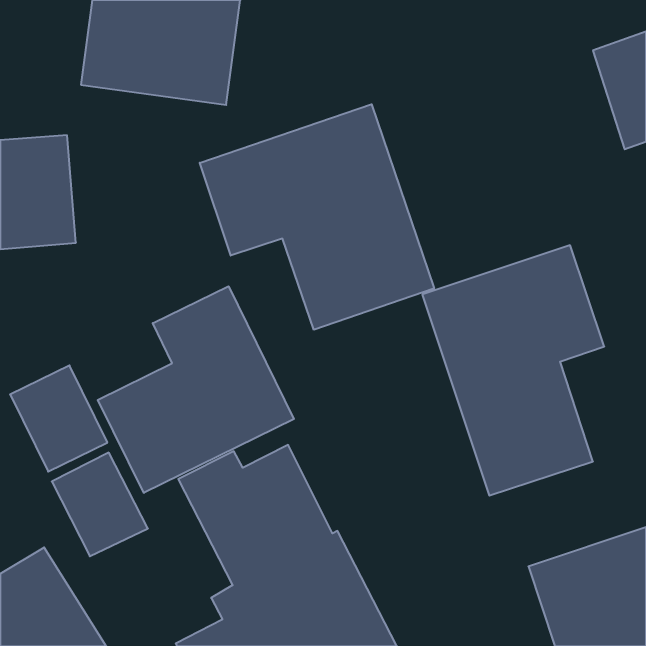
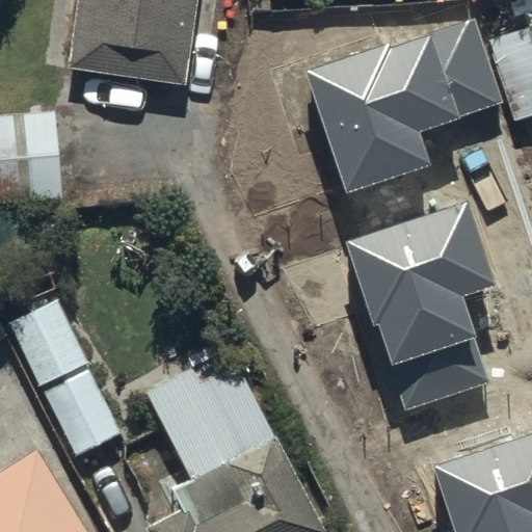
building: none -> [308,20,502,191]
building: [200,104,434,330] -> none
building: [98,286,294,493] -> none

